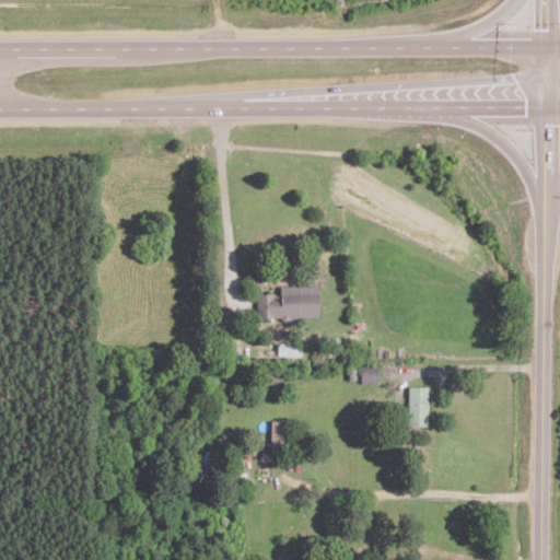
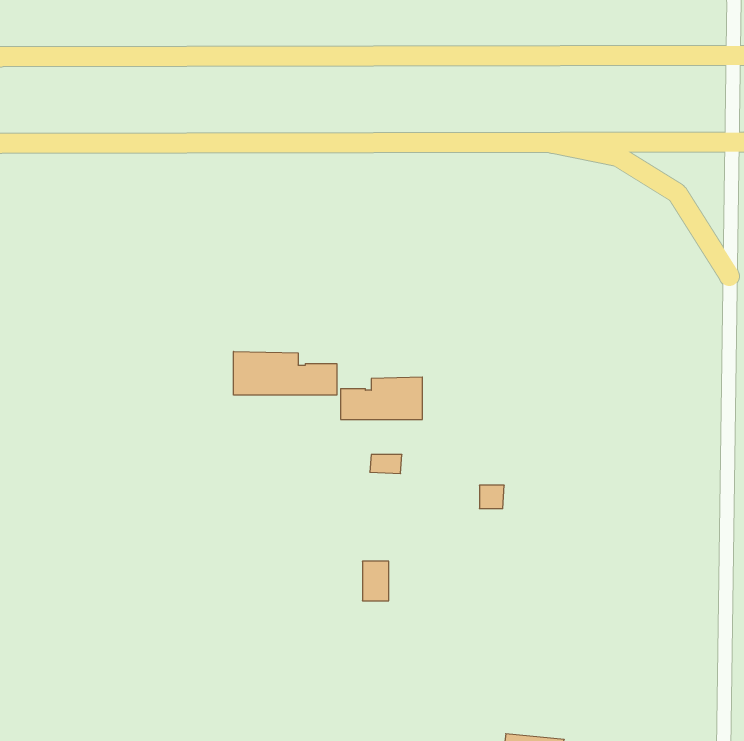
building: none -> [234,351,337,395]
building: [408,388,429,428] -> none

